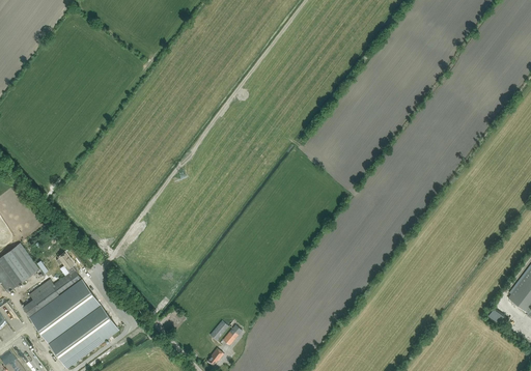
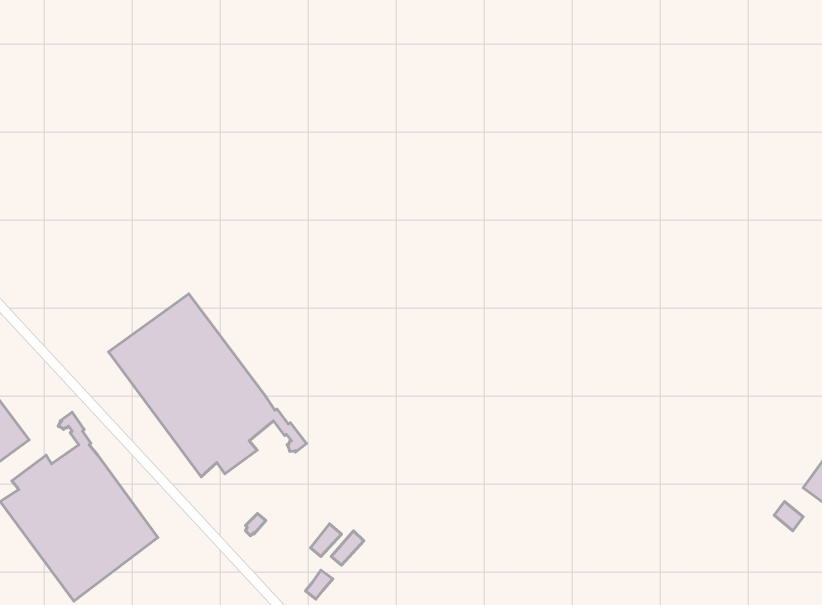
building: none -> [108,294,306,477]

